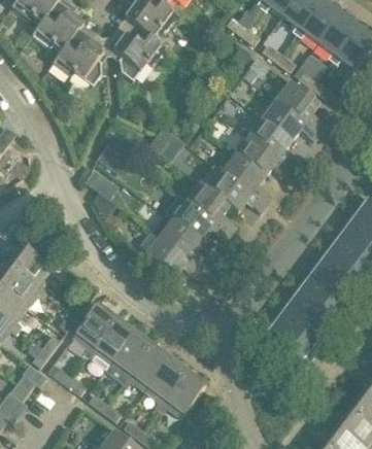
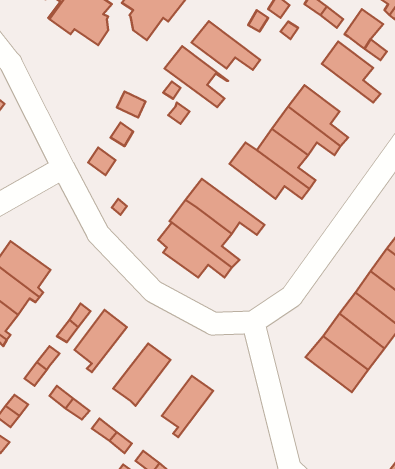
building: [263,100,319,140] -> [191,21,260,70]
building: [187,182,239,233] -> [165,46,228,107]
building: [88,317,134,368] -> none
building: [124,344,170,390] -> none
building: [159,370,206,417] -> none

